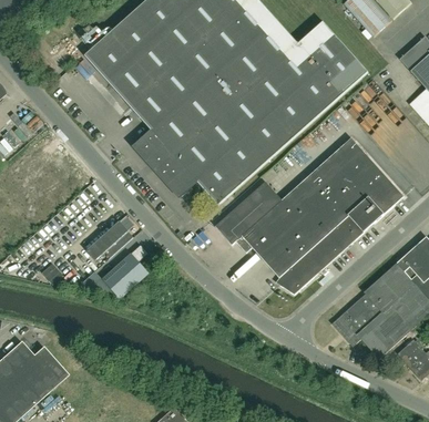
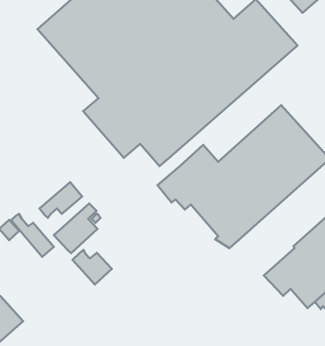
building: none -> [11,214,54,257]
building: none -> [72,250,112,285]

